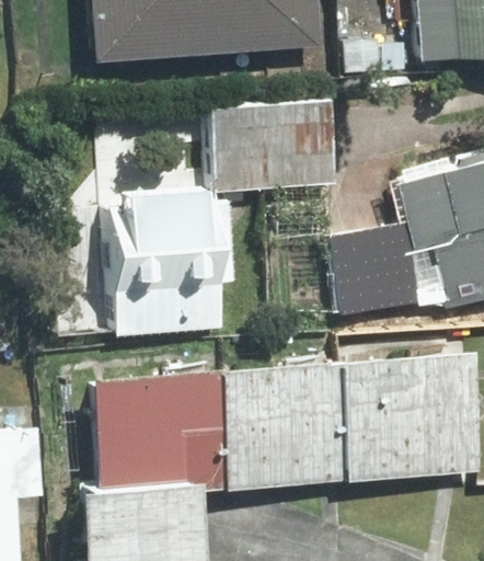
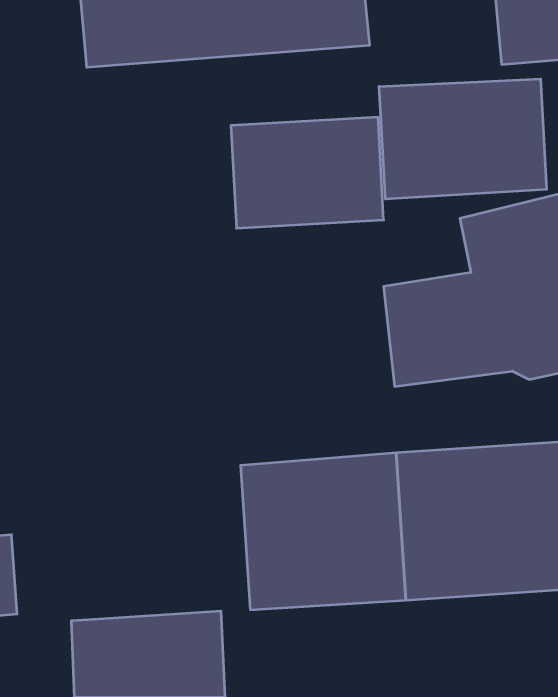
building: none -> [379,79,547,199]
building: [112,191,234,330] -> none
building: [96,376,227,497] -> none

